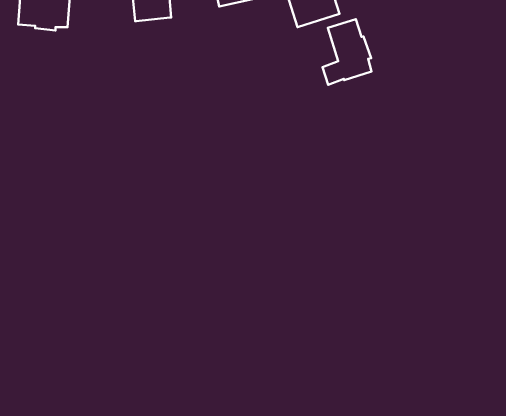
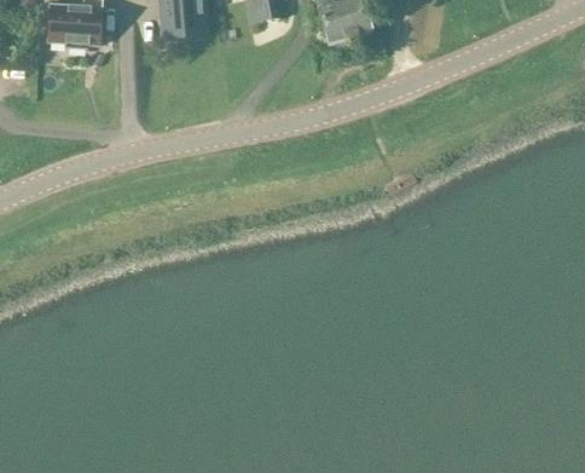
building: [323,19,372,85] -> none

